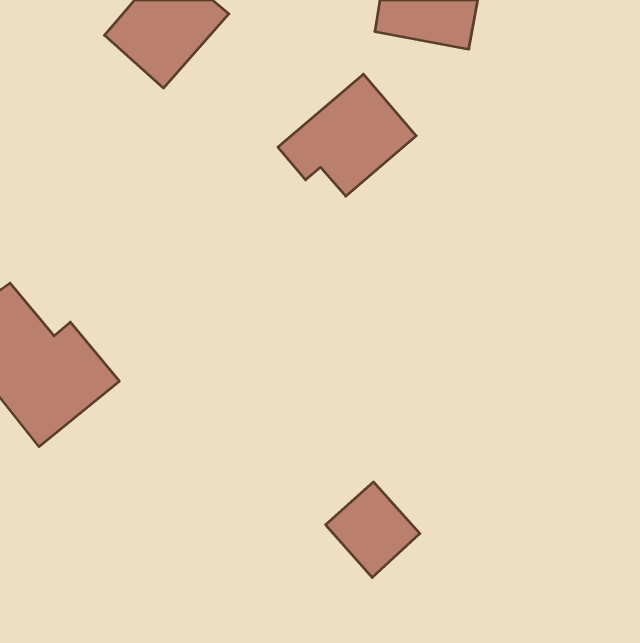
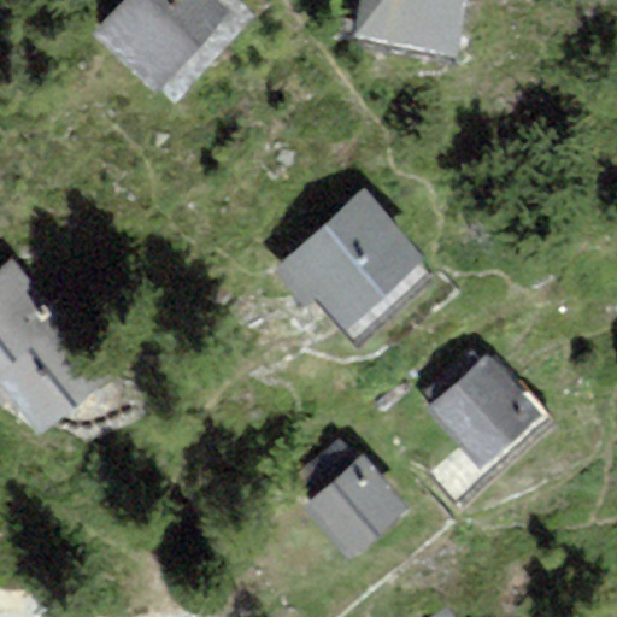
building: [278,74,416,196] -> [283,199,416,316]
building: none -> [431,360,531,459]

